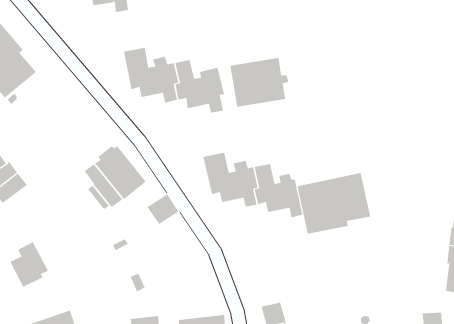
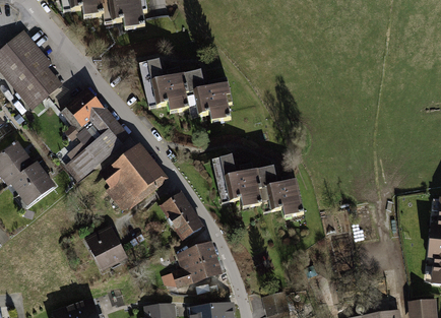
building: [230,57,289,108] -> none
building: none -> [62,90,126,172]
building: [297,172,371,235] -> none
building: none -> [172,209,201,239]
building: [10,242,49,287] -> [88,227,124,268]
building: none -> [172,241,217,285]

